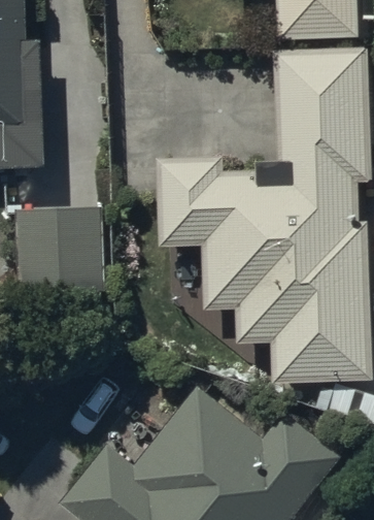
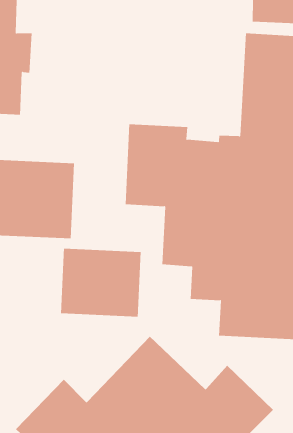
building: none -> [60,248,141,317]

